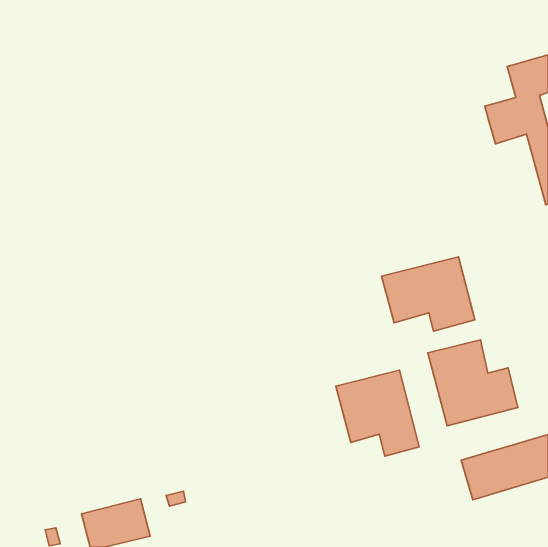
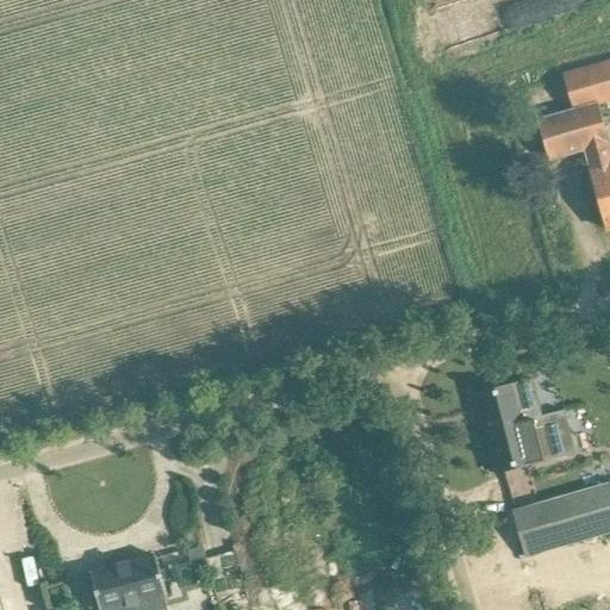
building: [382,257,475,331] -> none
building: [336,370,419,456] -> none

